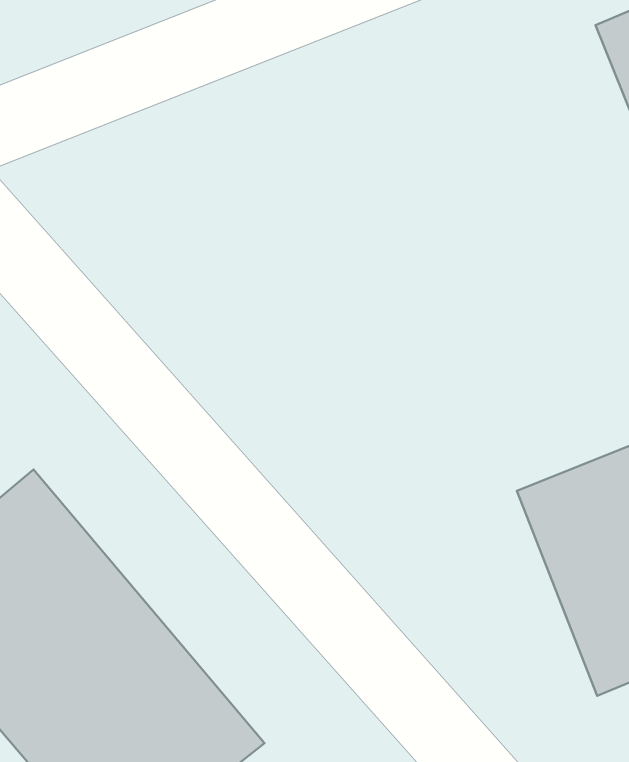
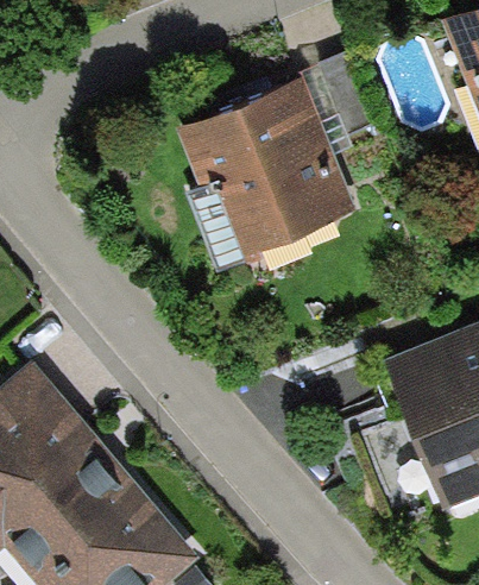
building: none -> [177,87,359,272]

